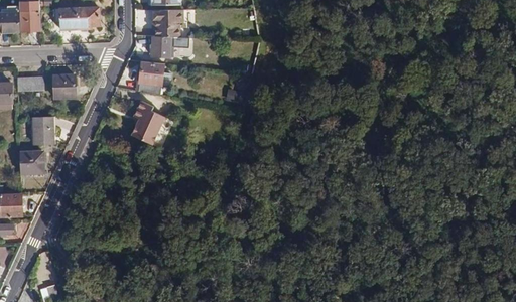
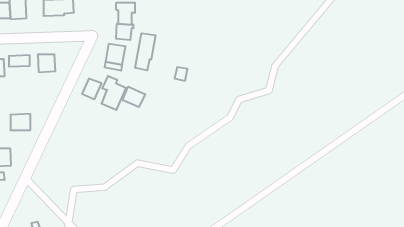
building: none -> [135,33,155,70]
building: none -> [82,78,101,99]
building: [33,115,52,144] -> none
building: none -> [122,87,145,107]

